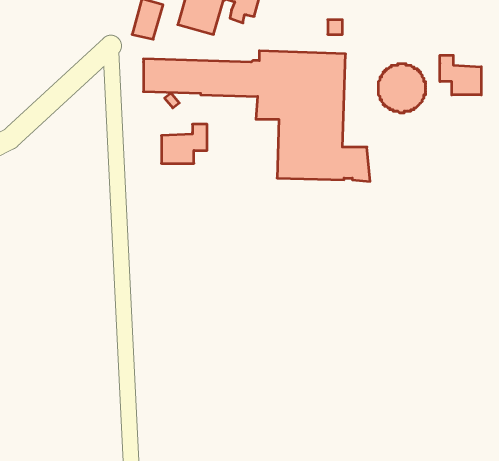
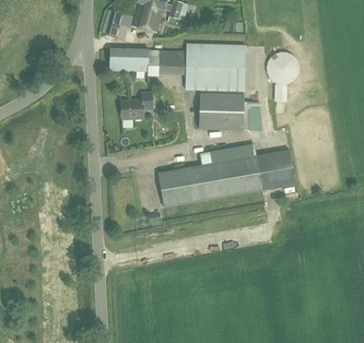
building: [440,55,481,95] -> none
building: none -> [157,143,295,206]

